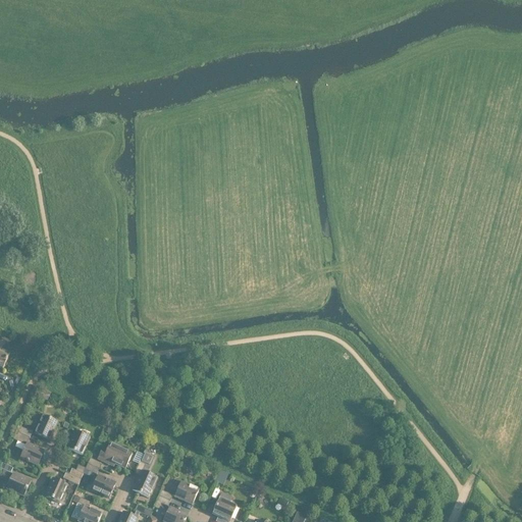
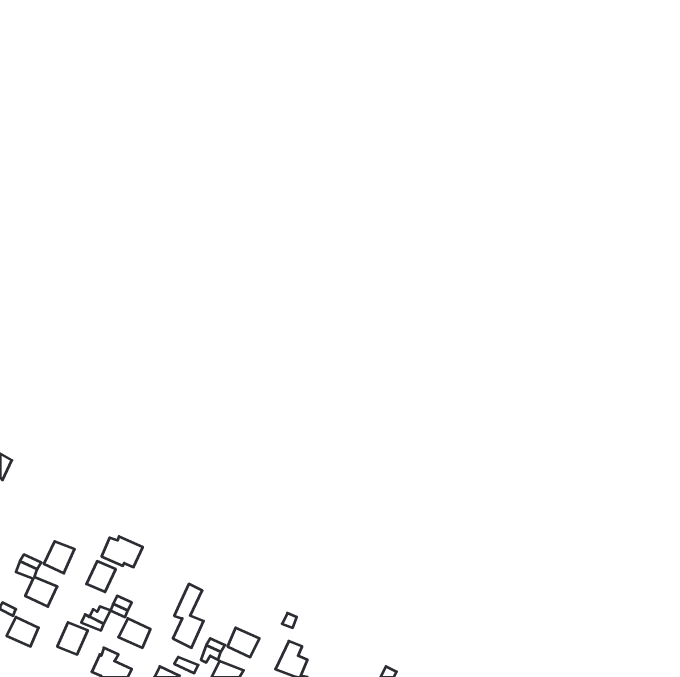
building: [96,442,127,466] -> [102,536,143,567]

